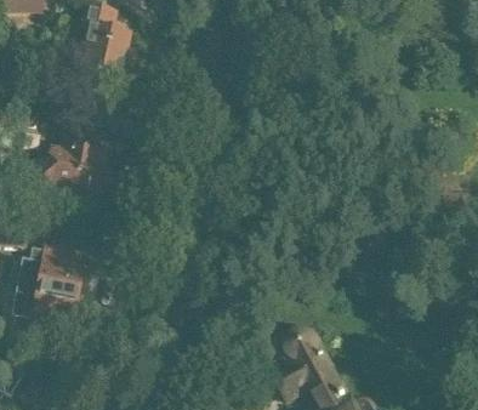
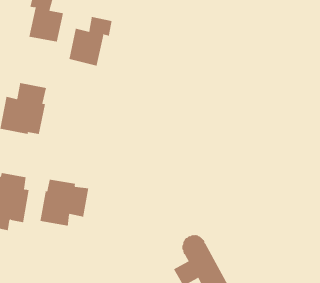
building: none -> [69,16,112,67]
building: none -> [40,179,89,227]

